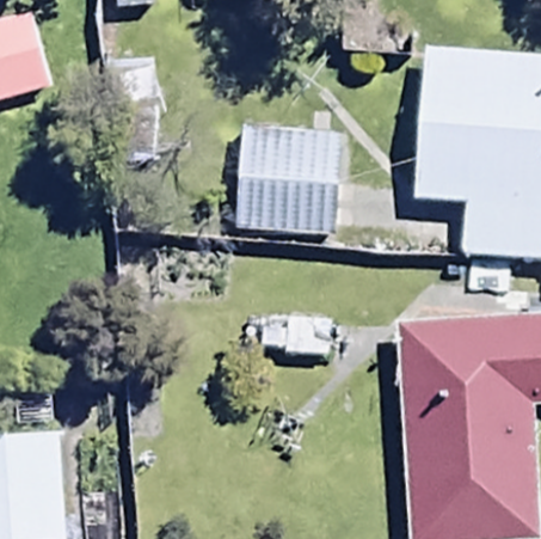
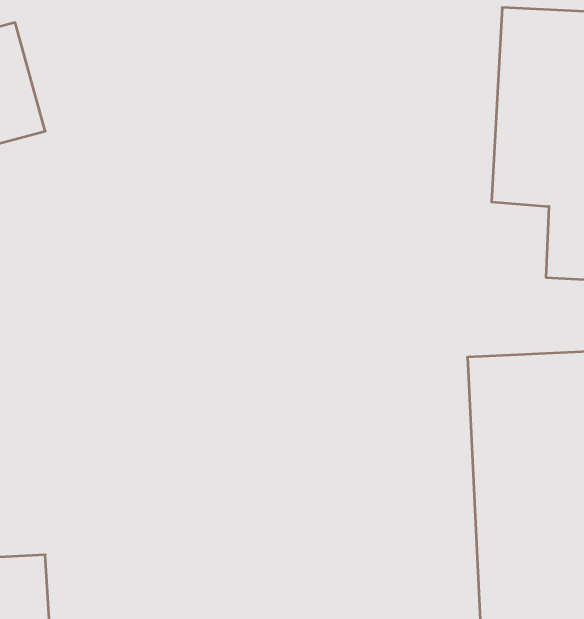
building: [229,106,365,228] -> none

